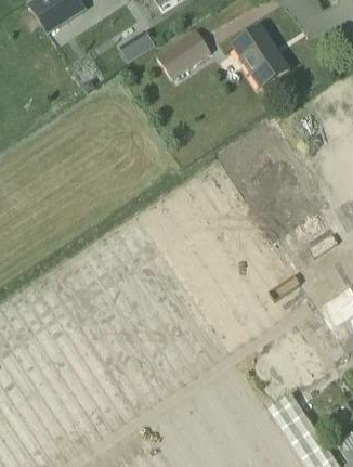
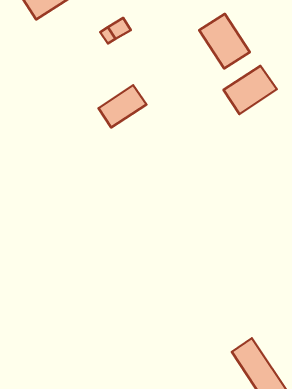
building: [157,29,211,77] -> [99,85,147,127]
building: none -> [223,66,277,114]

